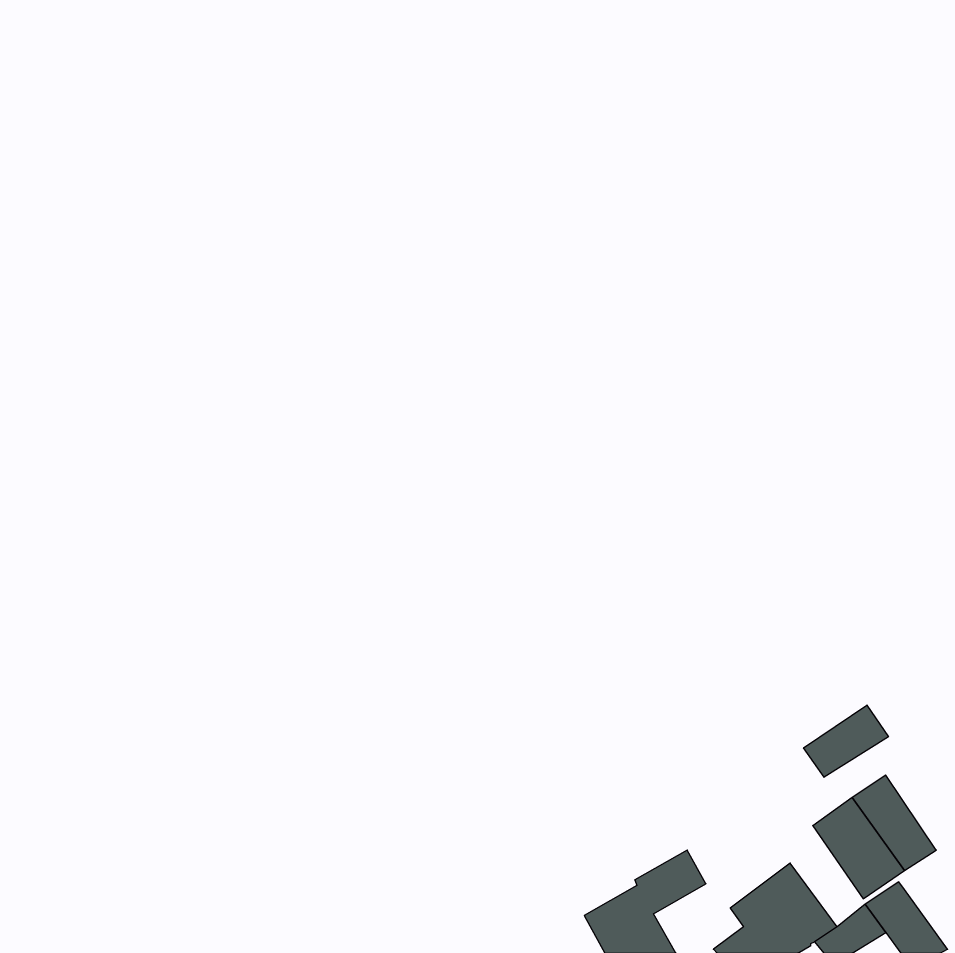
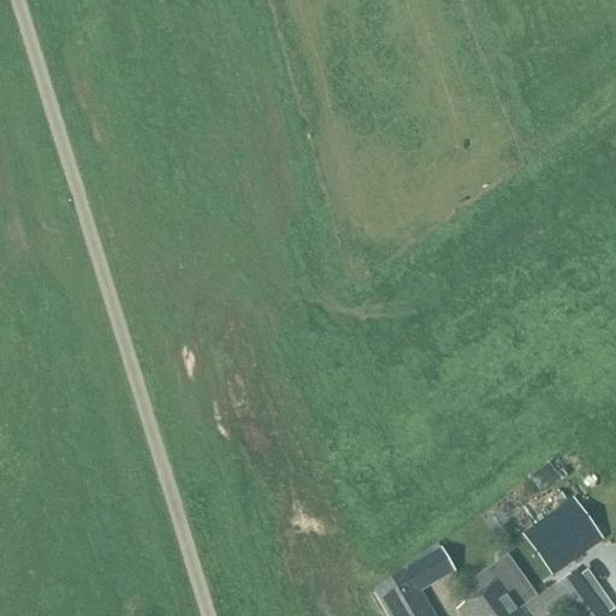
building: [804,705,888,777] -> none

